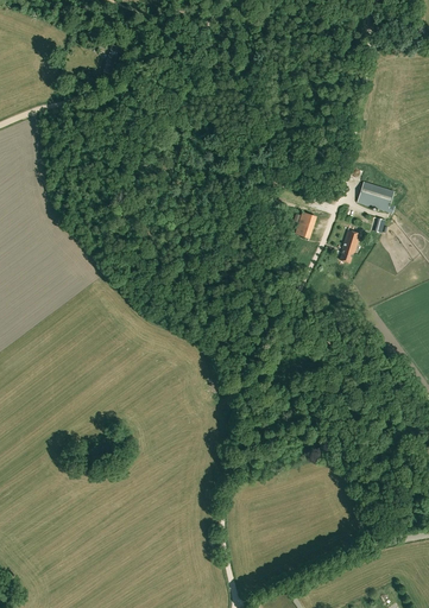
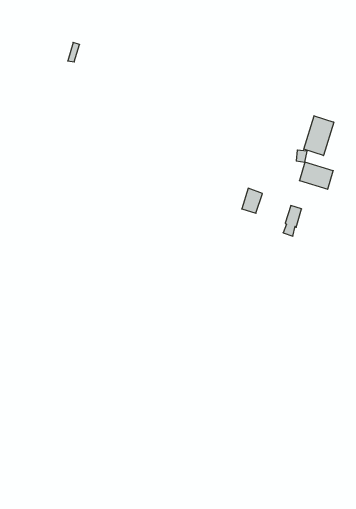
building: none -> [304,116,334,156]

